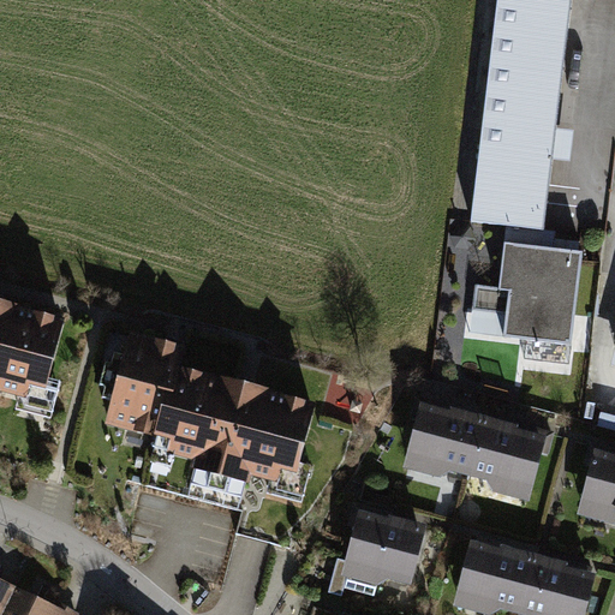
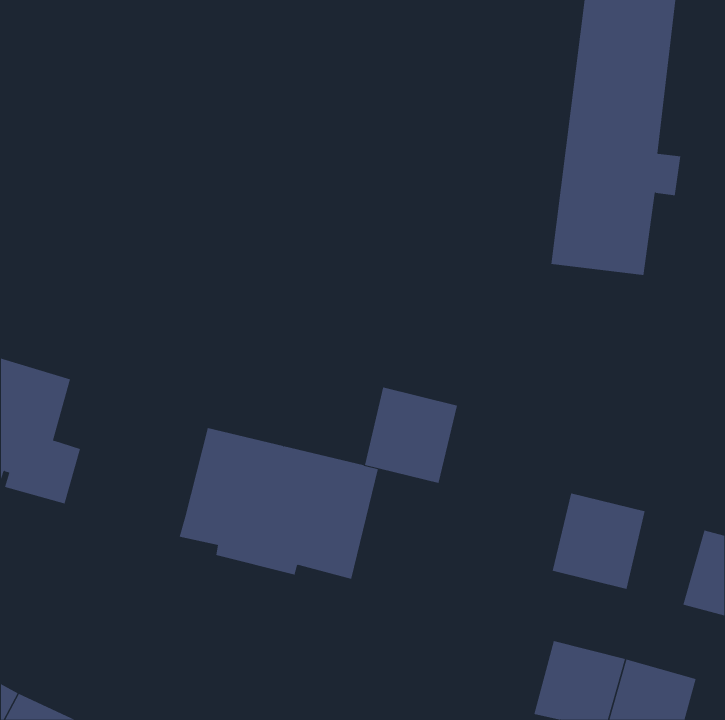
building: [468,244,586,353] -> none
building: [103,332,179,437] -> none
building: [404,401,483,483] -> [364,387,458,483]
building: [340,508,423,587] -> none

